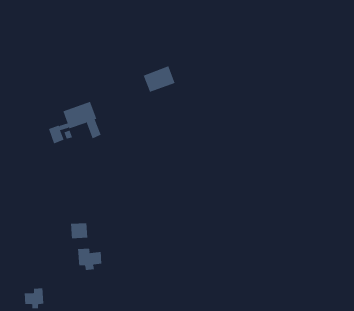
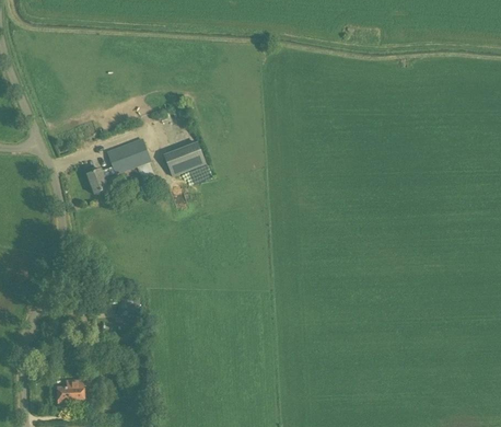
building: [143,65,176,92] -> [163,141,206,176]
building: [77,248,102,271] -> none

